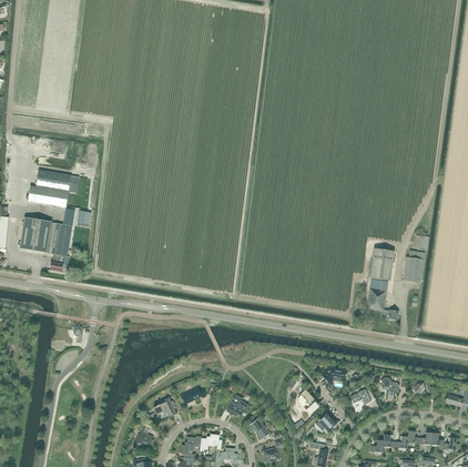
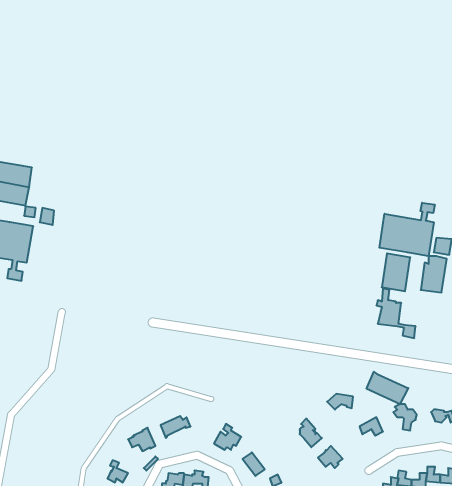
building: none -> [379,203,435,256]
building: none -> [367,372,408,404]

